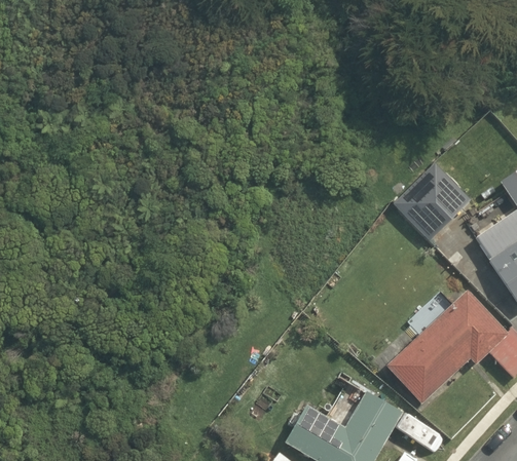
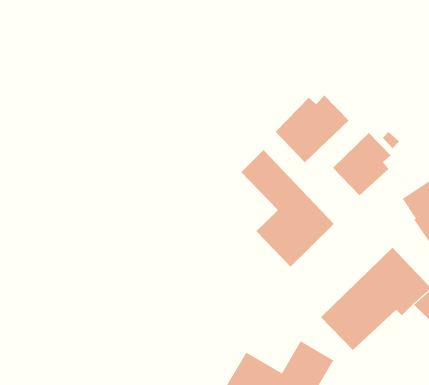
building: none -> [275,95,349,163]
building: none -> [240,149,335,267]

